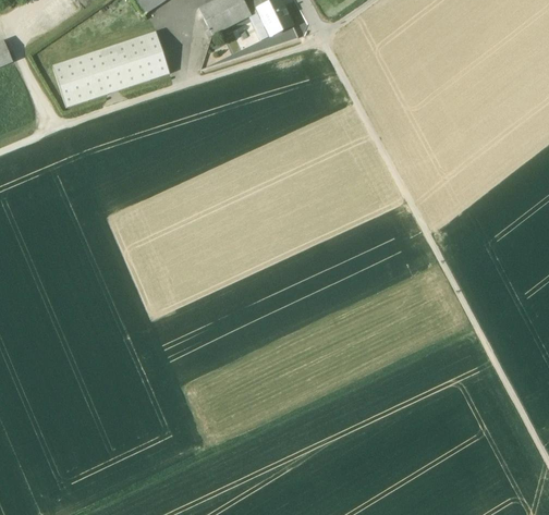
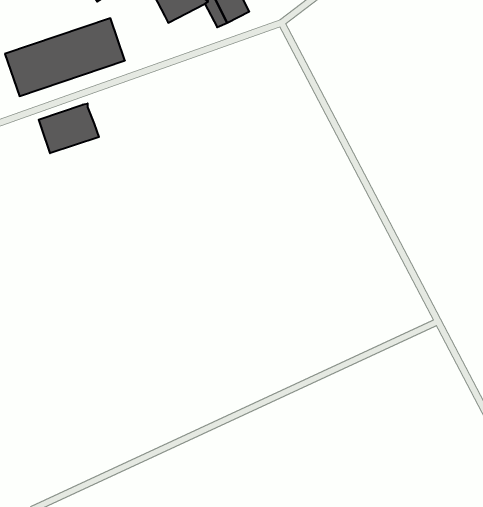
building: none -> [39,103,99,153]

